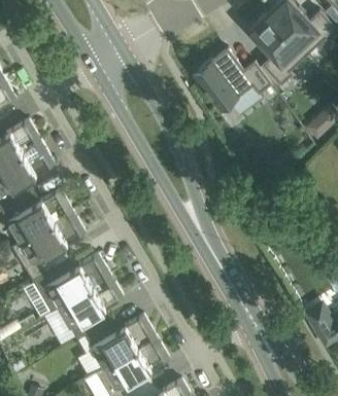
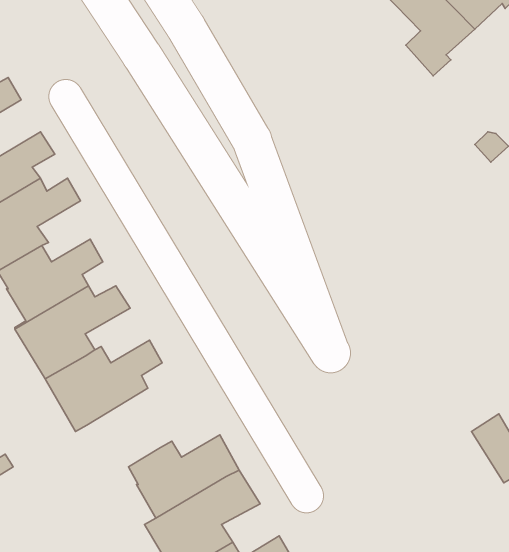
building: [194,49,271,116] -> none
building: [58,284,124,339] -> none

